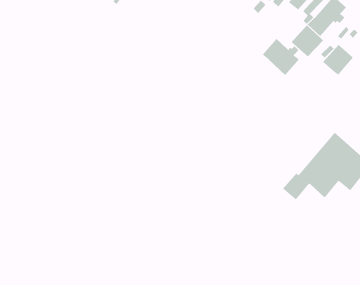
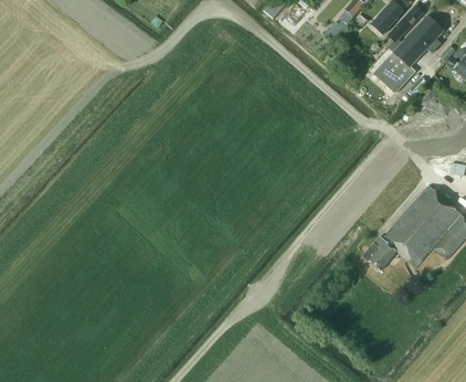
building: [262,38,300,76] -> none
building: [322,44,353,76] -> none

